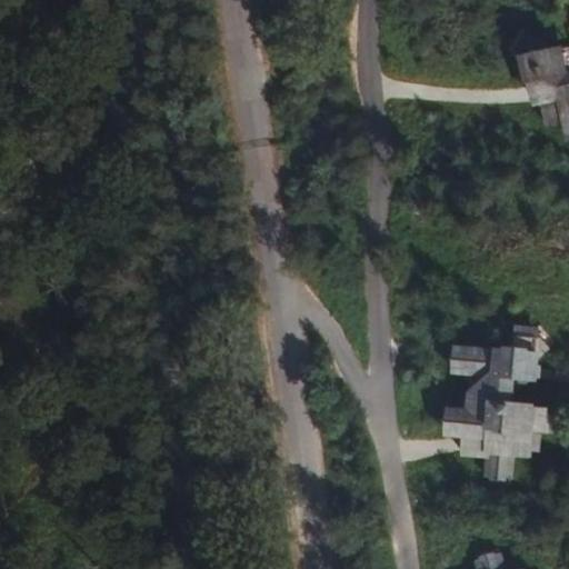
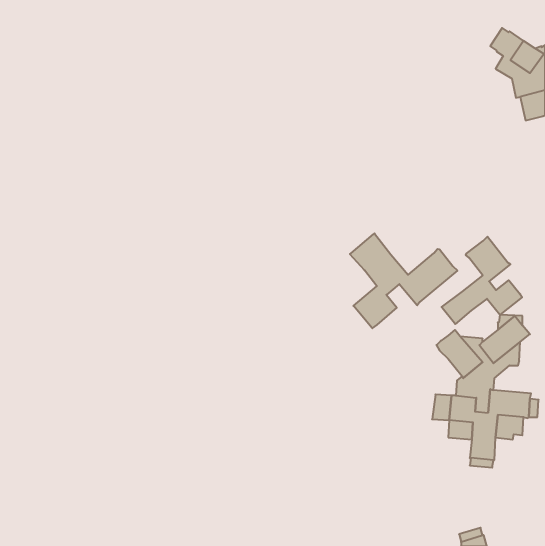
building: none -> [350,233,457,328]
building: none -> [442,237,522,324]

